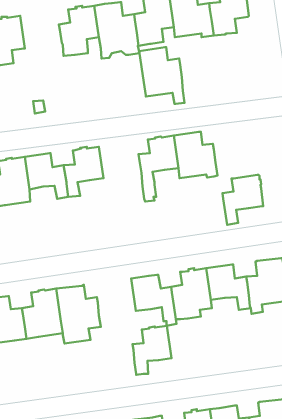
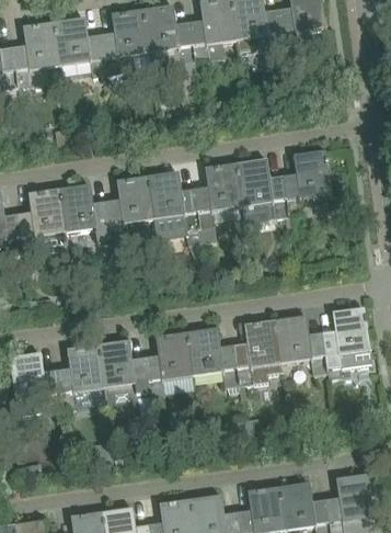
building: none -> [54,19,105,72]
building: [139,47,185,104] -> [147,173,200,240]
building: [222,175,263,225] -> [281,152,330,212]
building: [133,326,171,375] -> [145,333,191,392]

